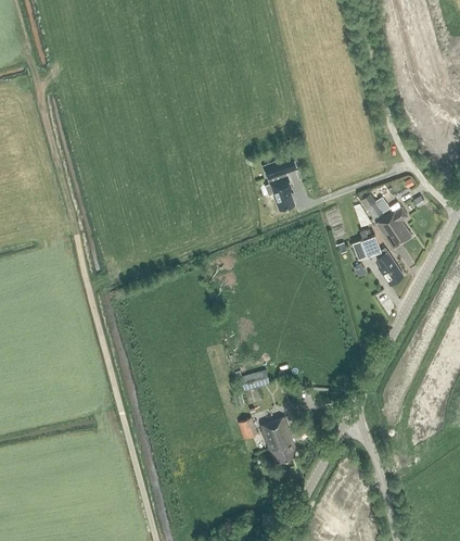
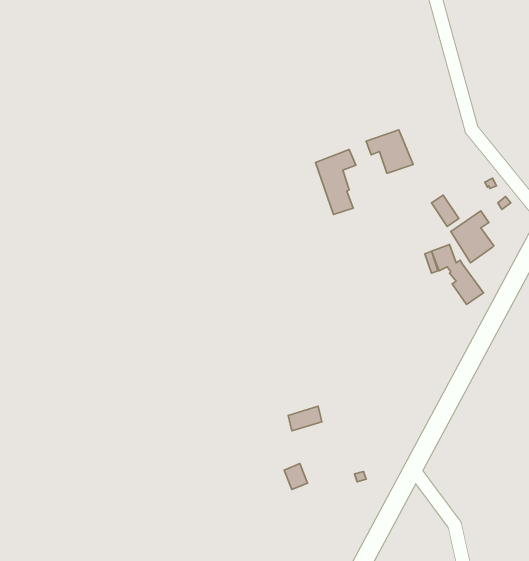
building: none -> [366,130,413,173]
building: [260,416,296,462] -> none

